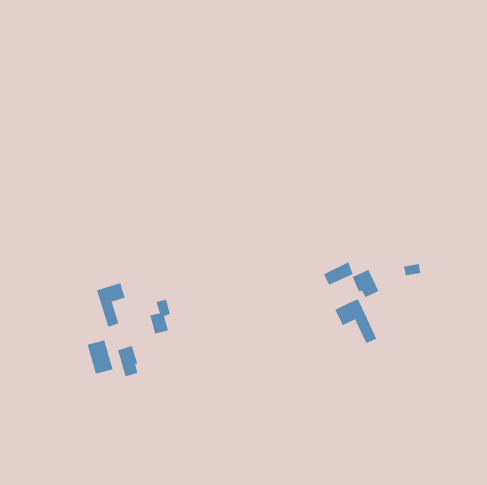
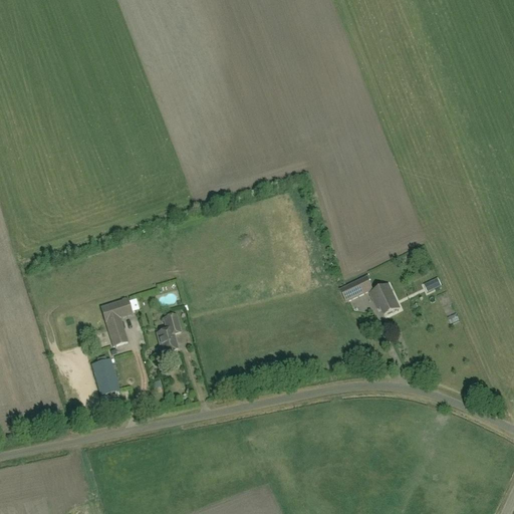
building: [335,298,377,344] -> none
building: [118,345,138,377] -> none

